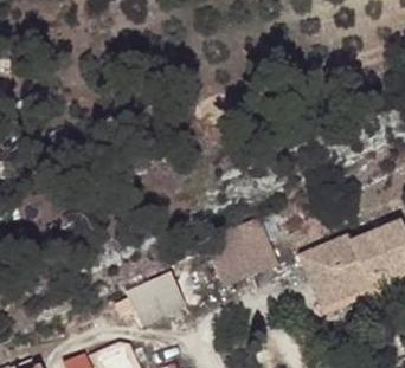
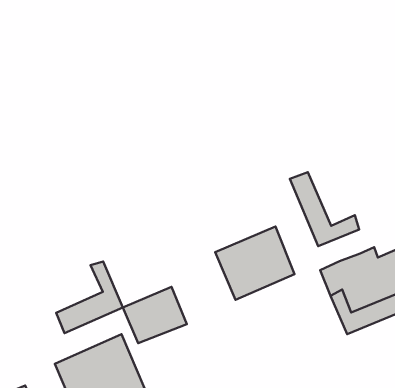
building: none -> [290,172,359,246]
building: none -> [56,261,123,333]

